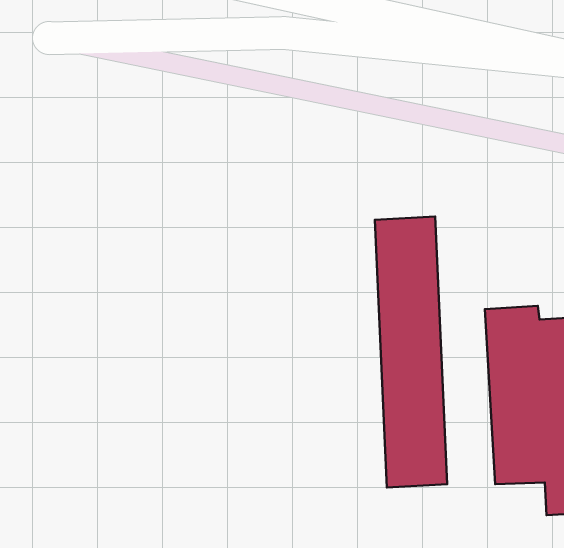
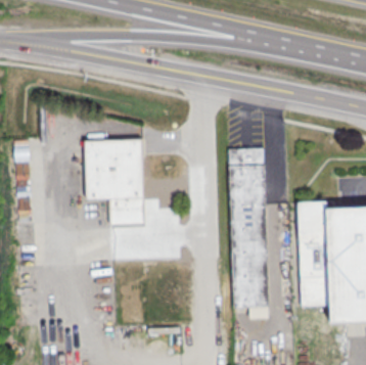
building: none -> [84,138,145,223]

